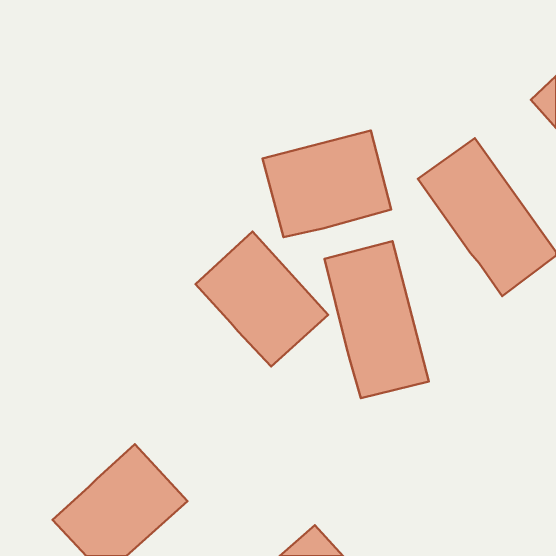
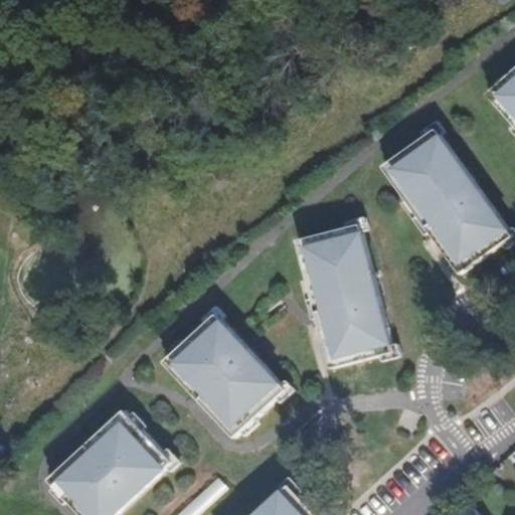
building: [262,131,391,237] -> none
building: [196,232,328,367] -> [164,311,286,435]

